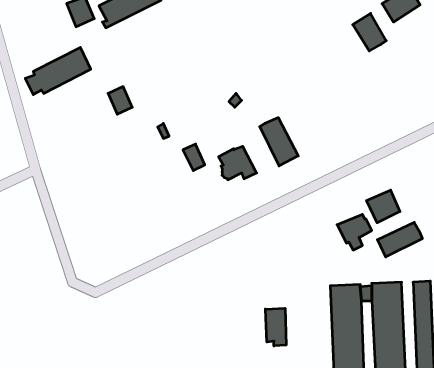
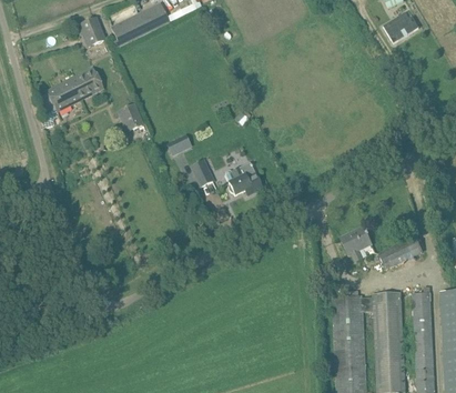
building: [353,13,386,51] -> none
building: [260,118,298,166] -> none
building: [367,190,400,223] -> none
building: [265,308,286,346] -> none

